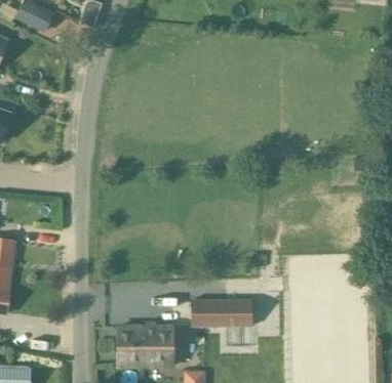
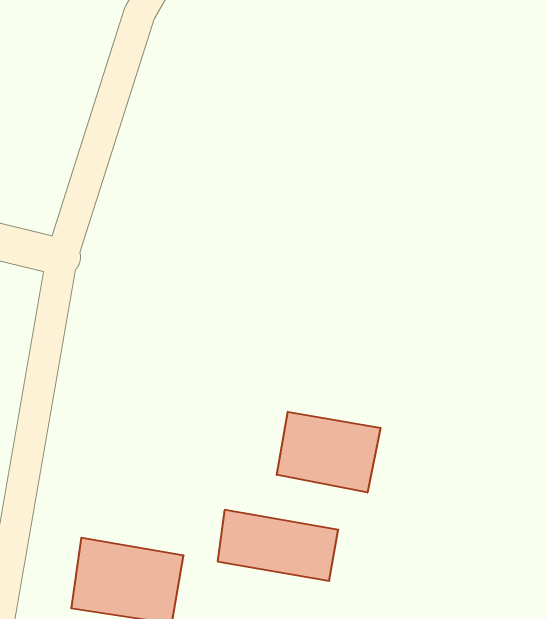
building: none -> [277,412,380,493]

